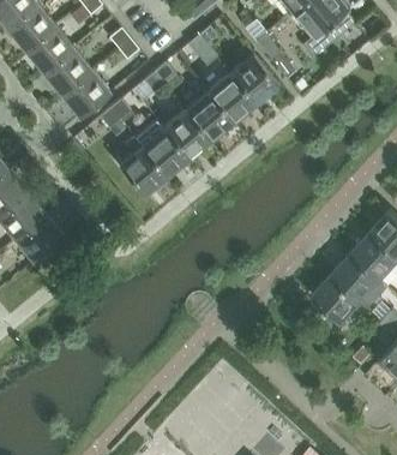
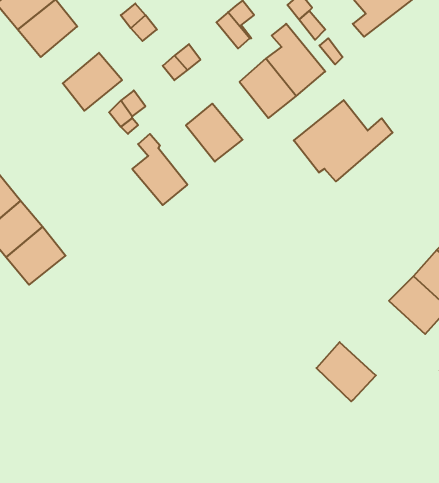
building: [43,48,91,95] -> none
building: [185,94,231,142] -> none
building: none -> [294,100,393,181]
building: [134,120,187,179] -> none
building: [312,275,361,324] -> [316,342,376,401]

